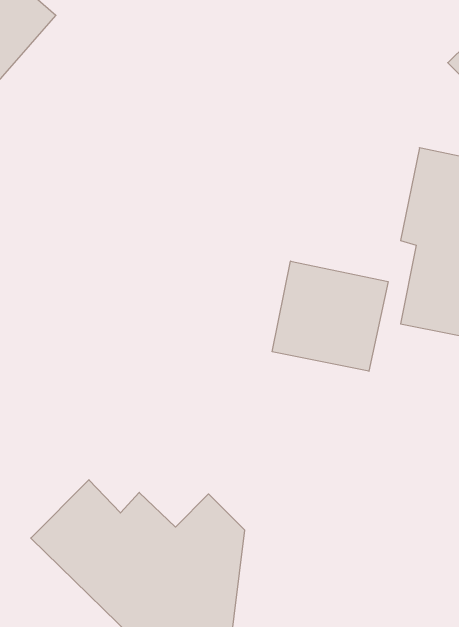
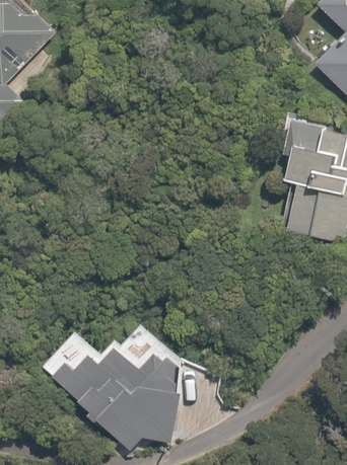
building: [272,261,388,371] -> none

